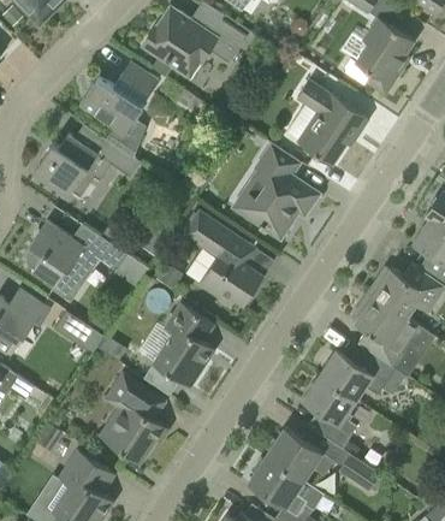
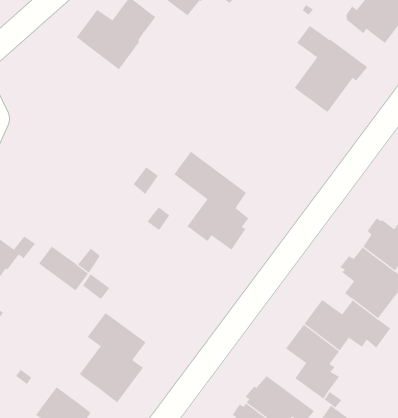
building: [32,134,140,197] -> none
building: [233,142,319,238] -> none
building: [28,220,127,301] -> none
building: [153,302,214,386] -> none

